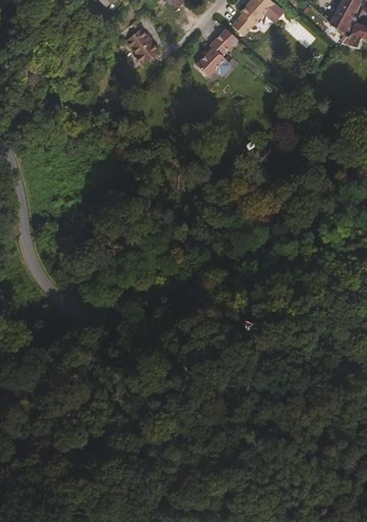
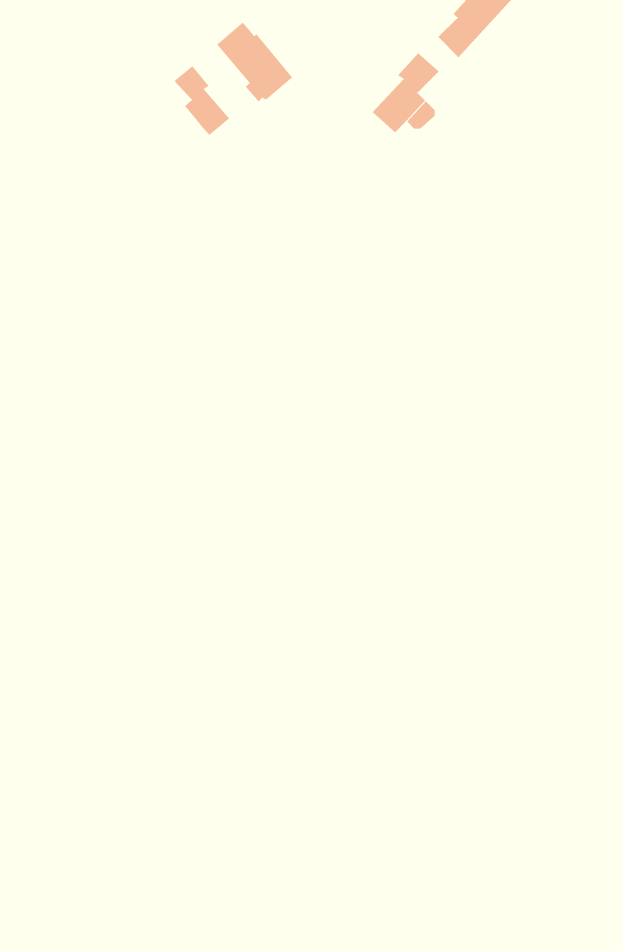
building: none -> [174,65,230,136]

